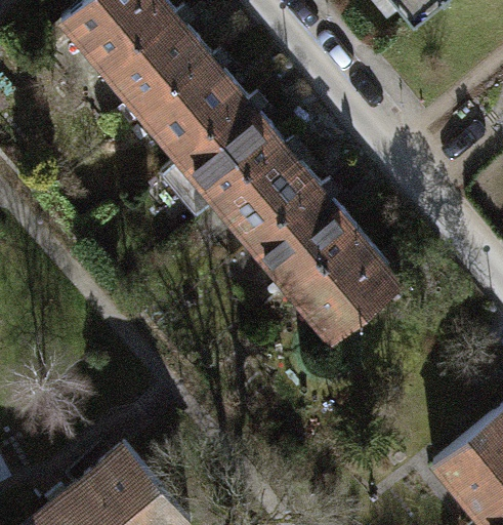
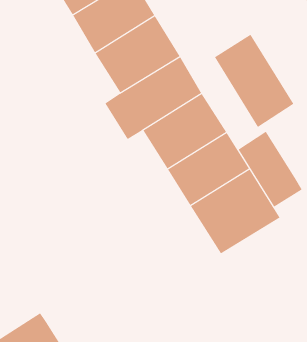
building: none -> [214,34,294,128]
building: none -> [238,131,303,208]

